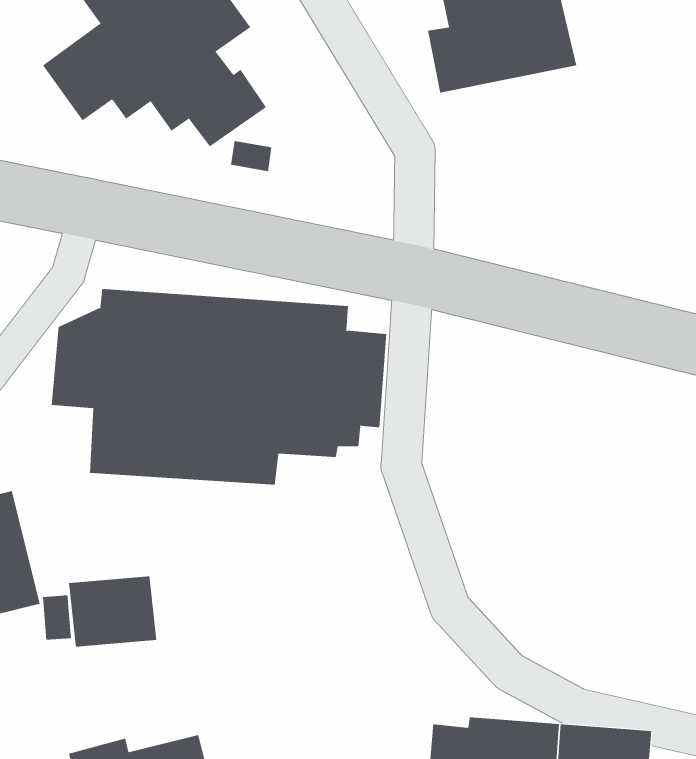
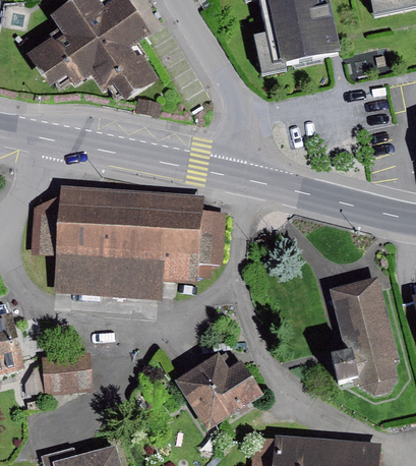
building: none -> [330,278,399,395]
building: none -> [176,352,261,429]

